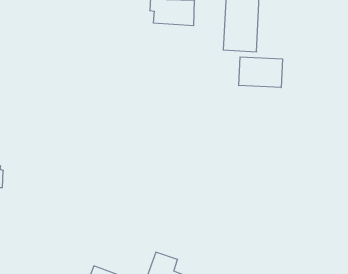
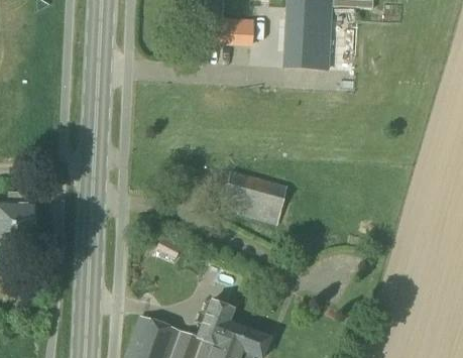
building: [239,57,282,88] -> none
building: none -> [221,169,287,225]

